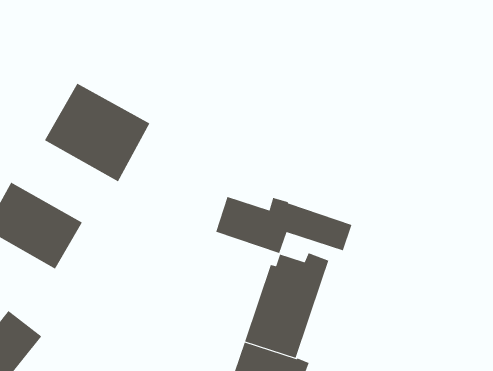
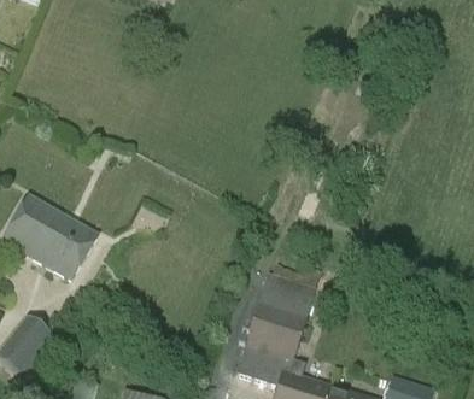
building: [44,83,150,182] -> none
building: [216,196,352,254] -> none

